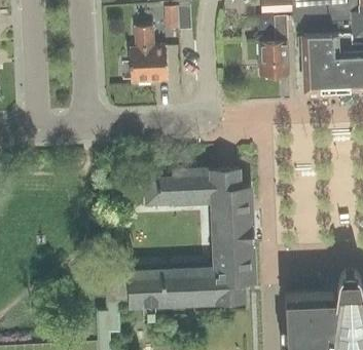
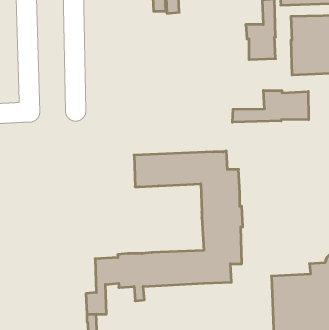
building: [130,26,168,83] -> none
building: none -> [232,90,309,122]

